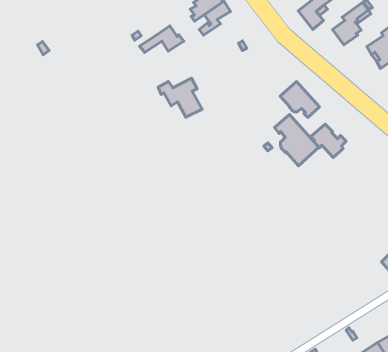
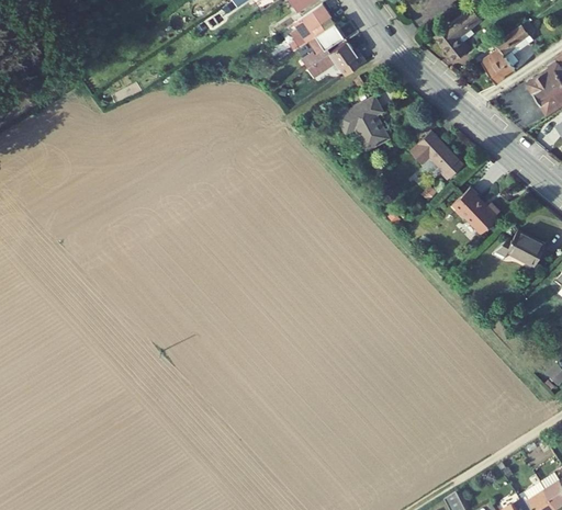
building: [140,26,184,53] -> [307,42,367,78]
building: [158,78,202,117] -> [329,98,389,150]
building: [275,115,319,166] -> none
building: none -> [493,230,546,265]

